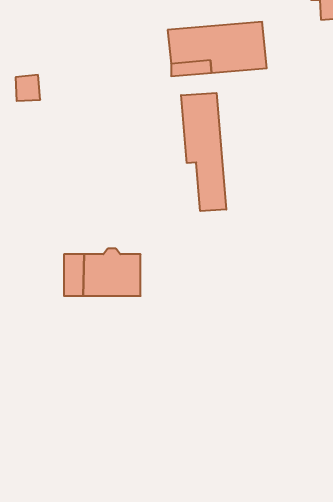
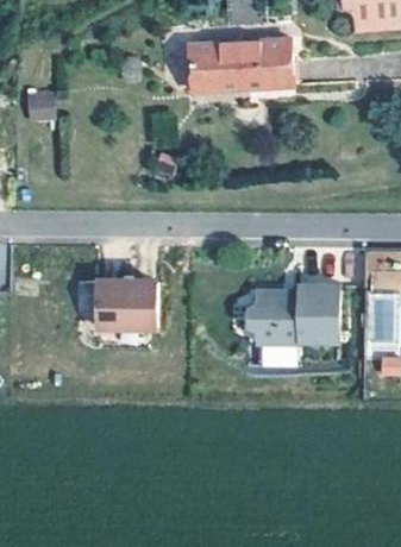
building: [181,93,226,211] -> none
building: none -> [249,283,340,344]

